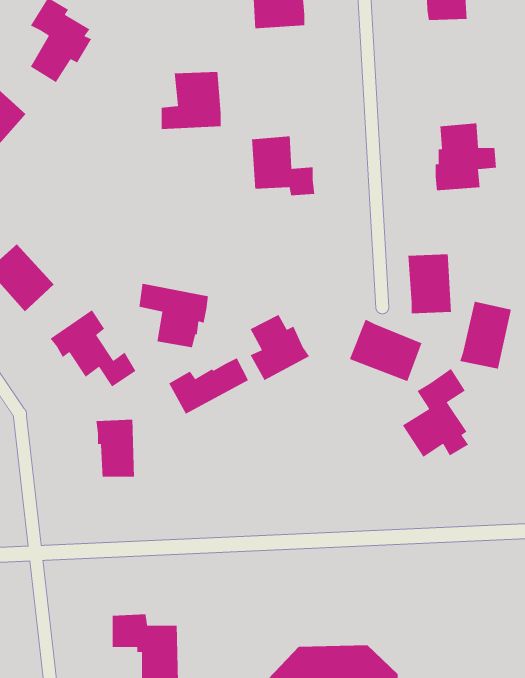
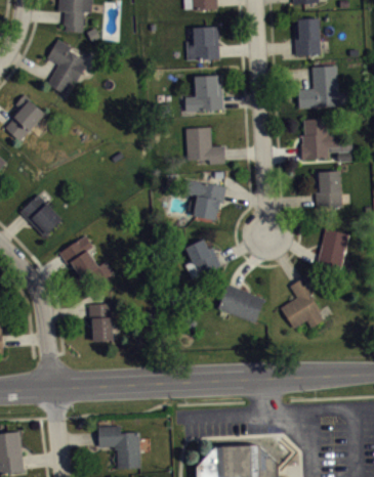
building: none -> [298,66,339,109]
building: [161,71,221,130] -> [184,76,222,113]
building: [408,254,452,314] -> [315,171,342,209]
building: [138,283,209,348] -> [182,178,226,219]
building: [349,318,423,382] -> [217,284,263,323]
building: [168,357,249,415] -> none

